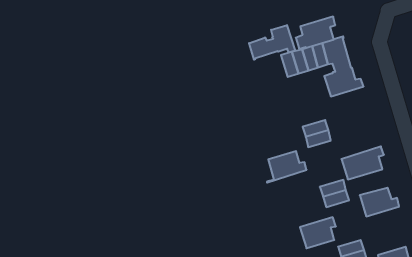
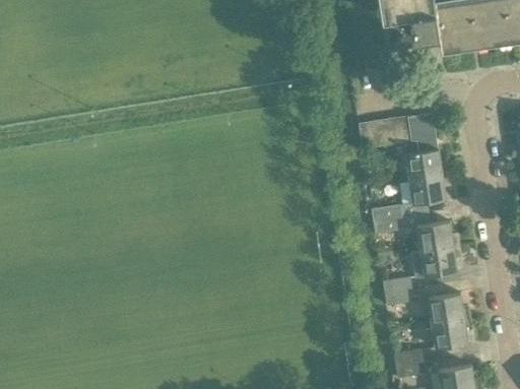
building: [296,17,335,49] -> [401,173,449,204]
building: [249,25,295,60] -> none
building: [267,151,307,183] -> [410,221,458,253]
building: [300,217,336,248] -> [430,317,471,348]

